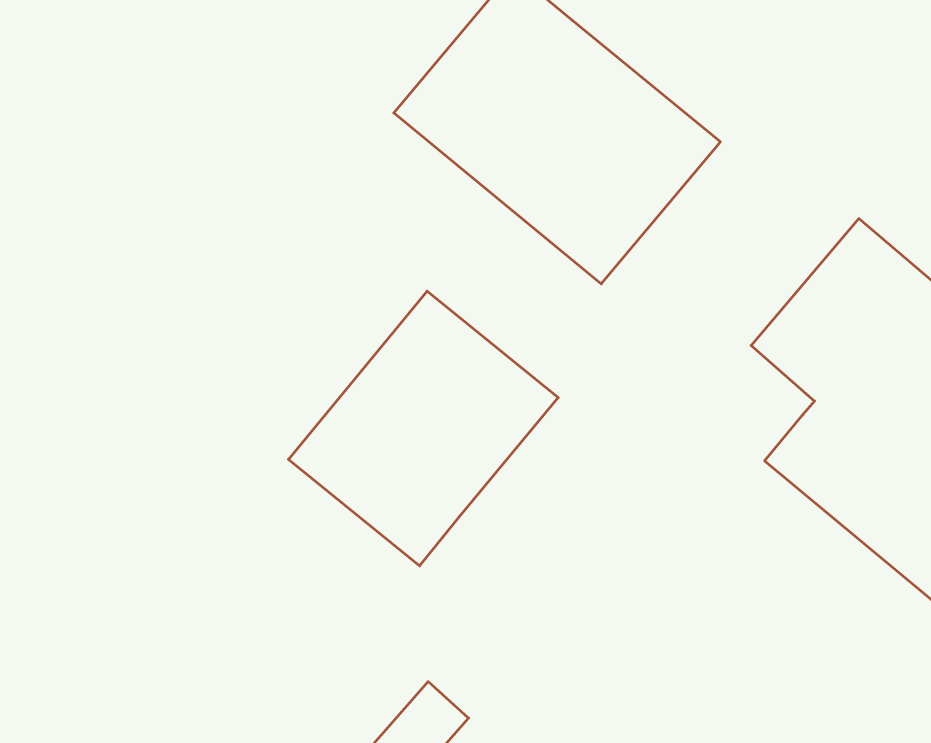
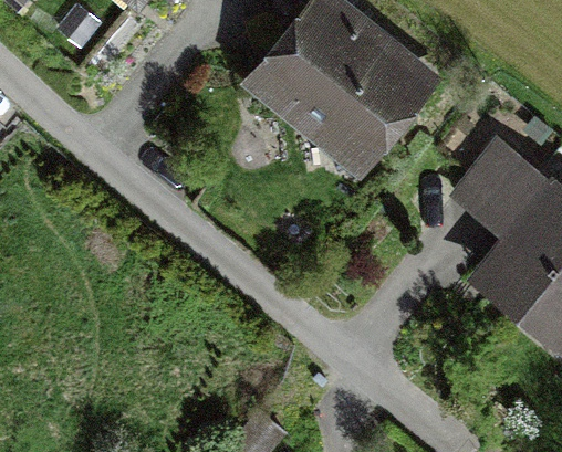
building: [288,291,558,566] -> none

